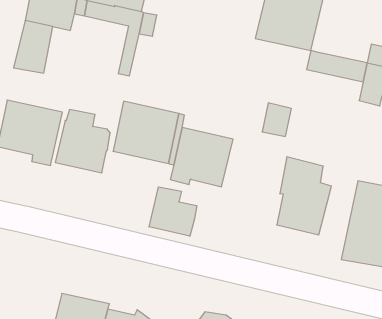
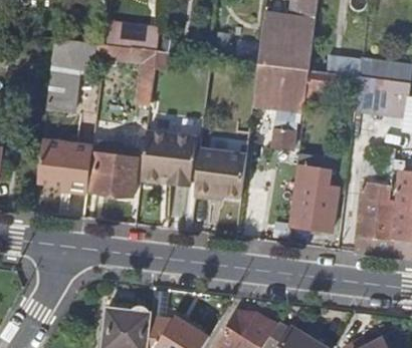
building: none -> [253,63,308,111]
building: [149,187,197,236] -> none

